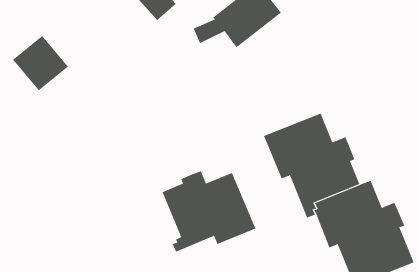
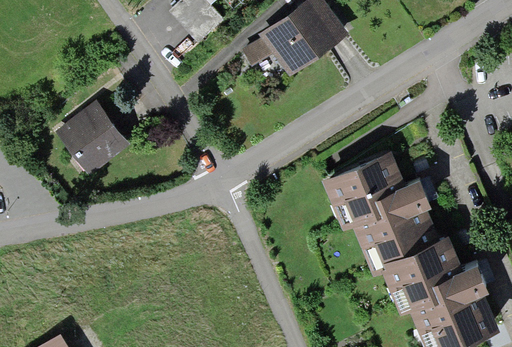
building: [12,35,69,91] -> [57,107,124,173]
building: [162,170,256,253] -> none

